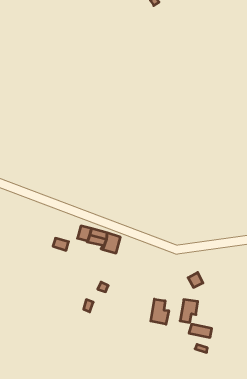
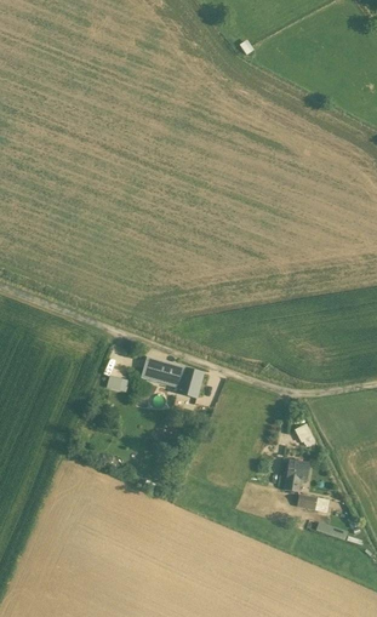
building: [151,299,169,324] -> none

